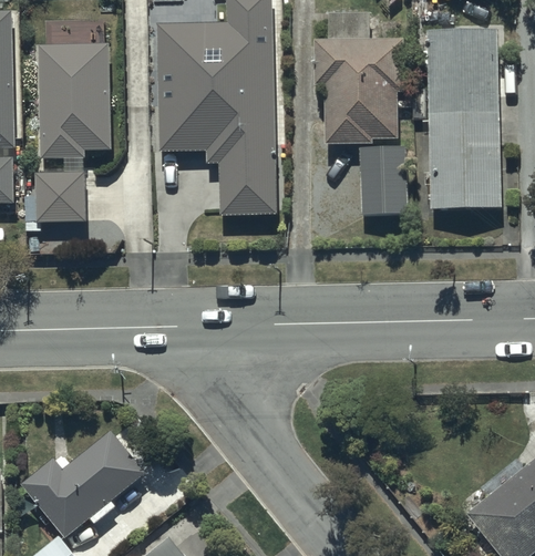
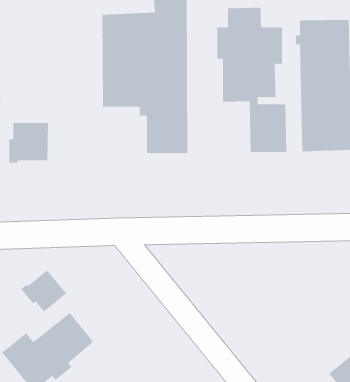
building: [38,44,113,157] -> none
building: none -> [20,270,67,312]

